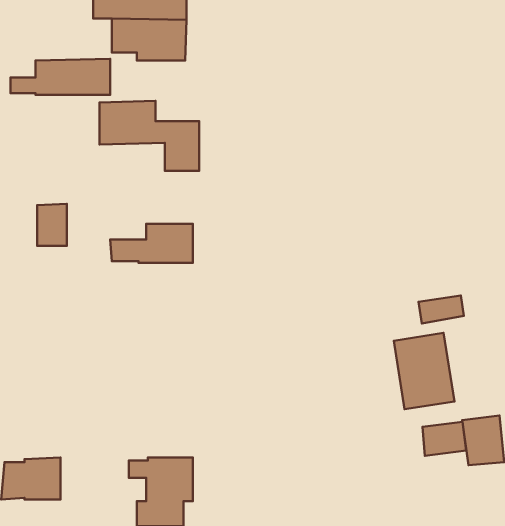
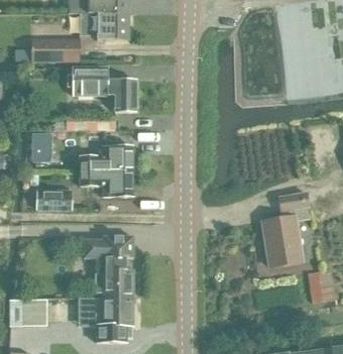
building: none -> [80,171,132,197]
building: none -> [36,191,71,210]
building: none -> [84,236,133,298]
building: [423,422,466,456] -> none

